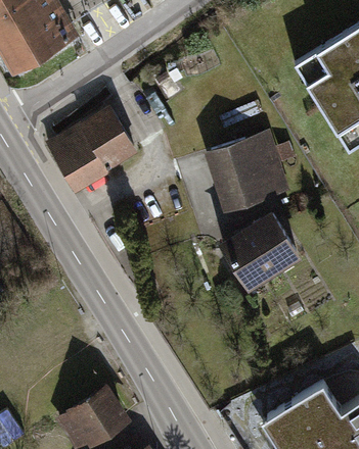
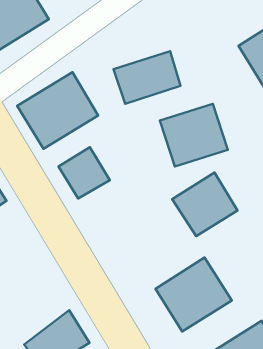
building: none -> [113,51,181,104]
building: none -> [59,147,110,199]
building: none -> [156,257,232,332]

